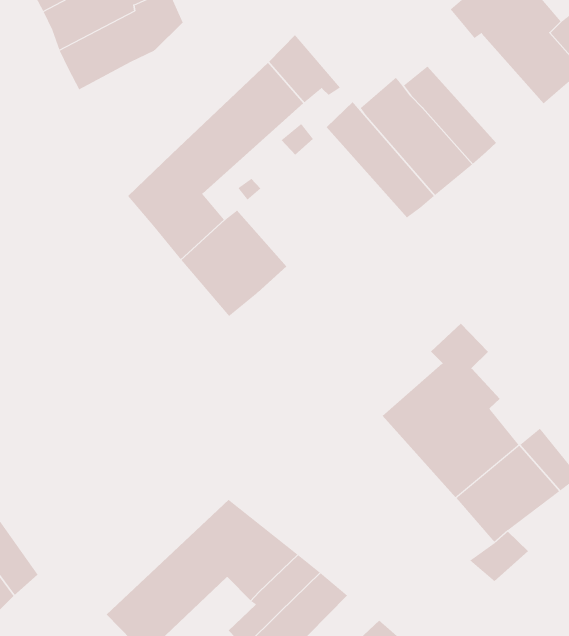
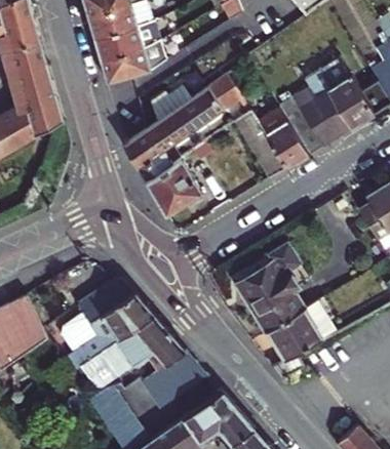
building: none -> [274,83,349,150]
building: none -> [147,81,192,120]
building: none -> [60,282,151,368]

